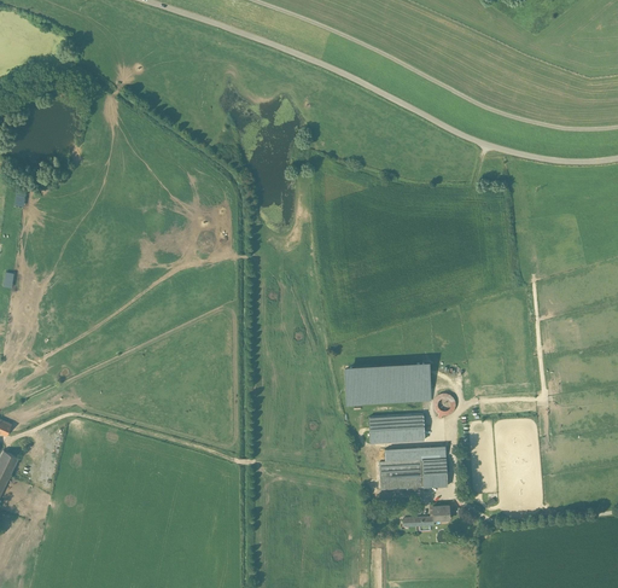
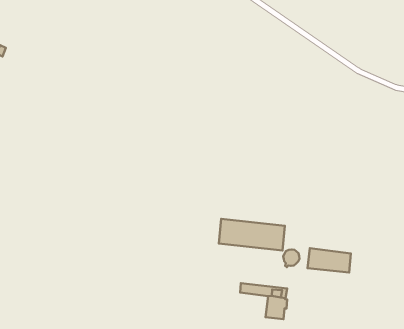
building: [368,414,425,443] -> [307,248,351,273]
building: [379,460,424,490] -> none

